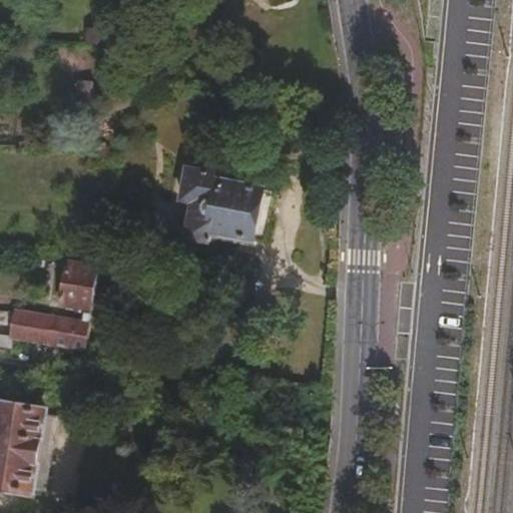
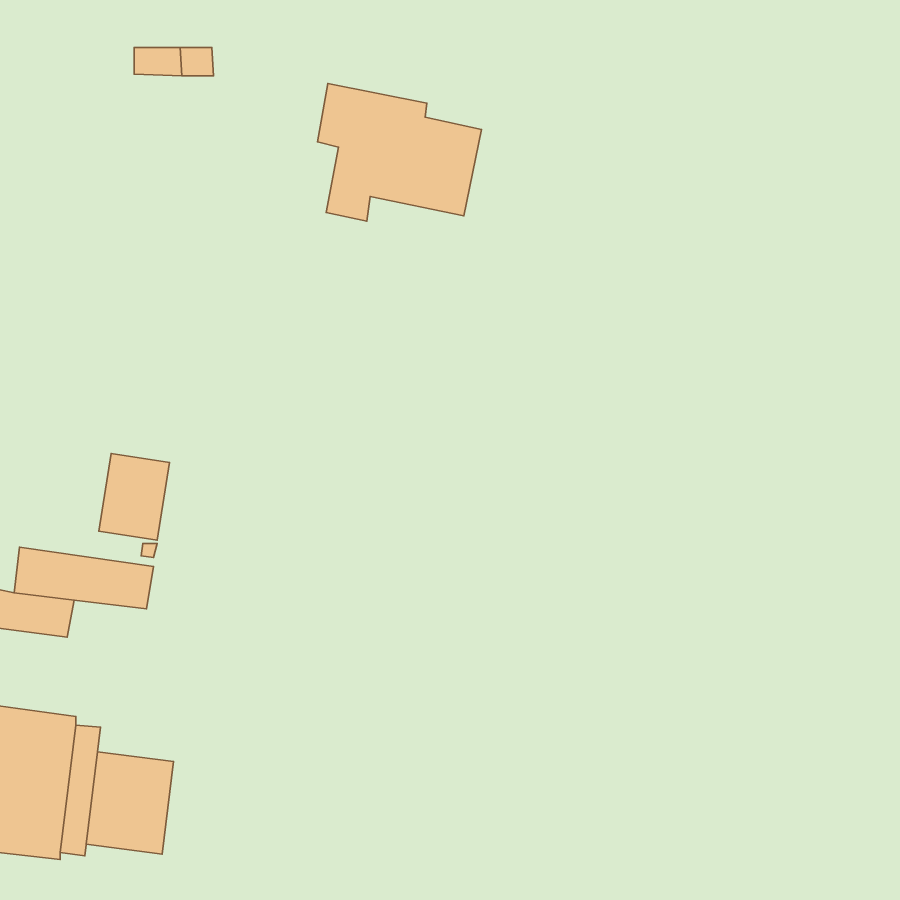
building: [169,162,263,240] -> [317,84,482,221]
building: none -> [86,752,173,854]

